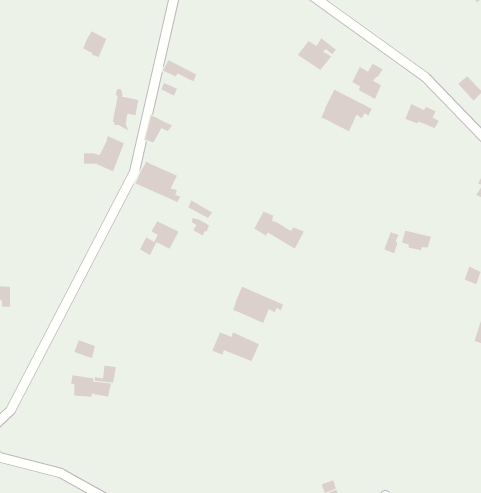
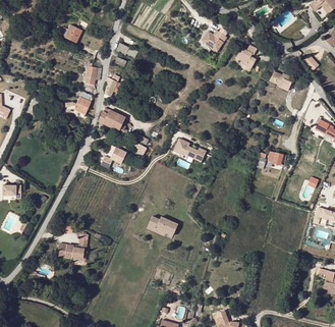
building: [321,89,372,132] -> none
building: [232,286,284,324] -> none

